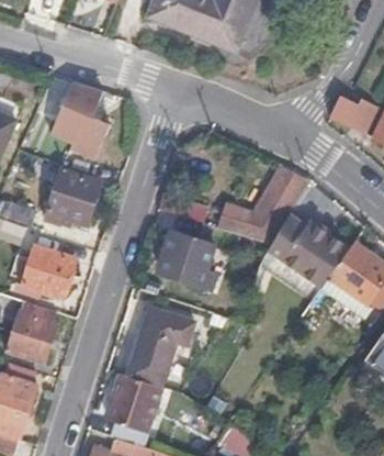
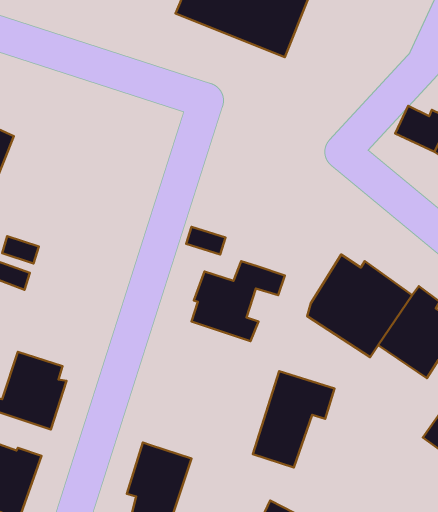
building: [43,77,104,154] -> none
building: [44,167,100,224] -> none
building: [216,171,308,242] -> none
building: [22,245,75,297] -> none
building: [127,305,195,386] -> [253,371,334,467]

